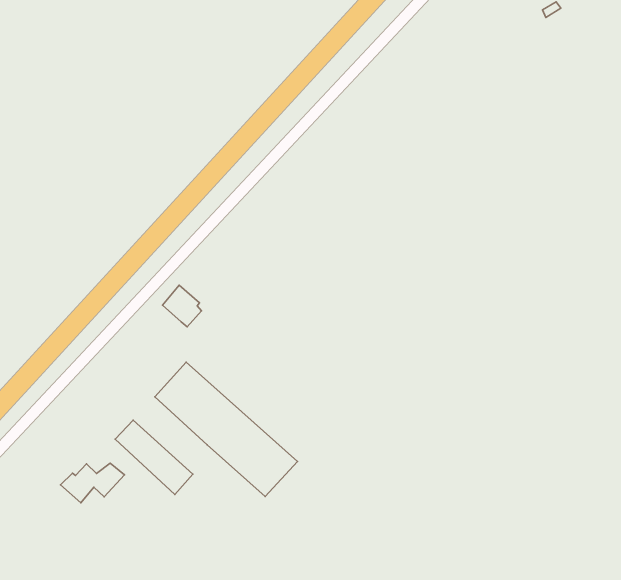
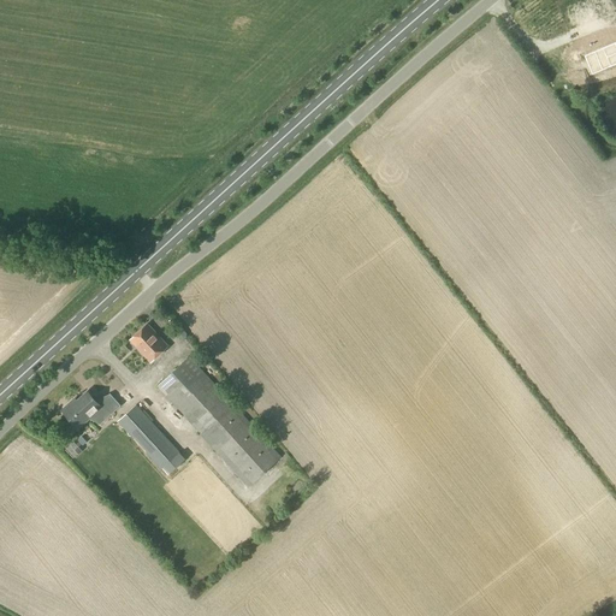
building: [162,285,201,327] -> [129,324,164,362]
building: [60,463,124,503] -> [61,392,120,427]

